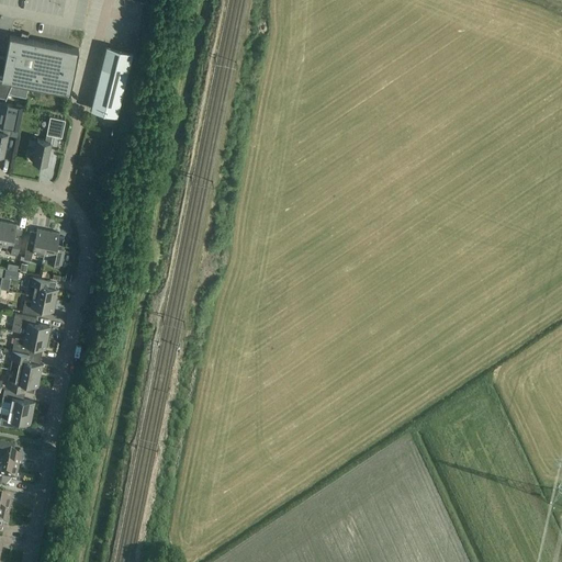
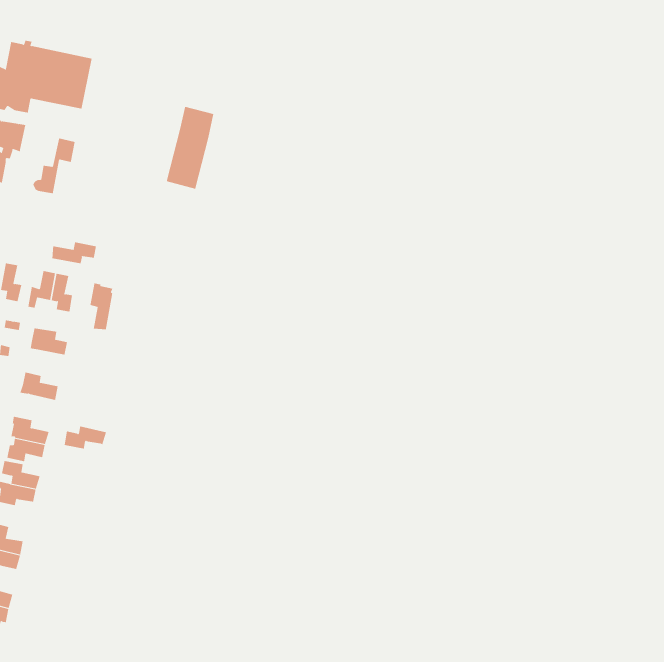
building: [90,47,131,117] -> [166,106,214,189]
building: none -> [52,242,97,264]
building: none -> [90,282,113,330]
building: [21,297,55,317] -> none
building: [11,335,47,355] -> [64,426,107,449]

